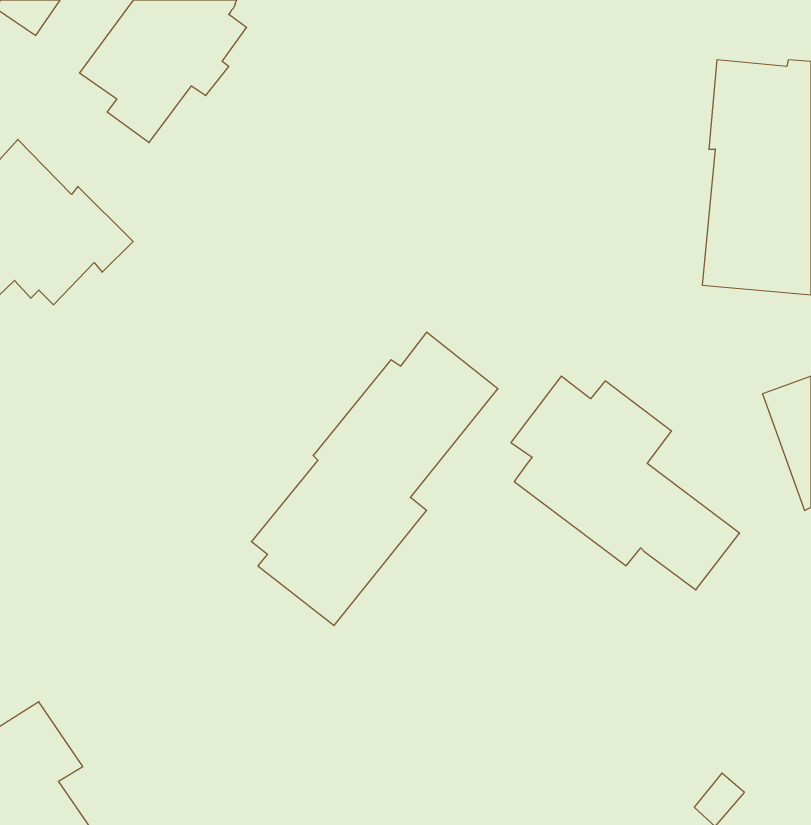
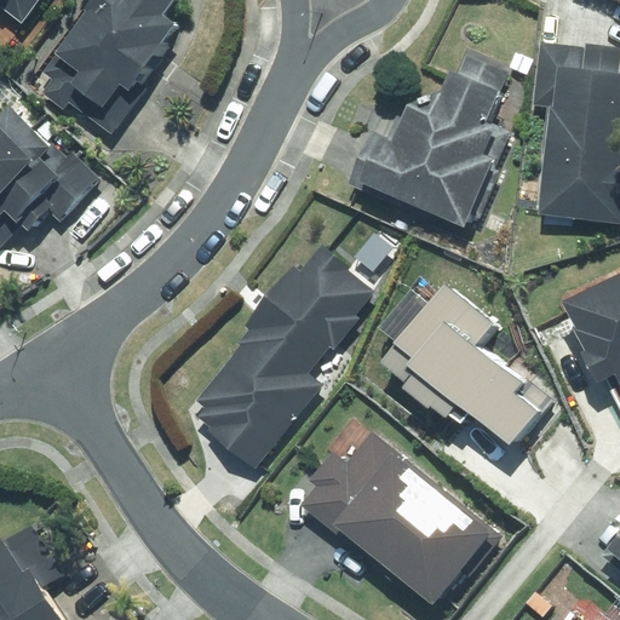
building: none -> [366,48,513,225]
building: none -> [298,434,500,610]

